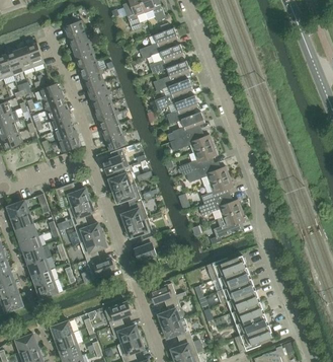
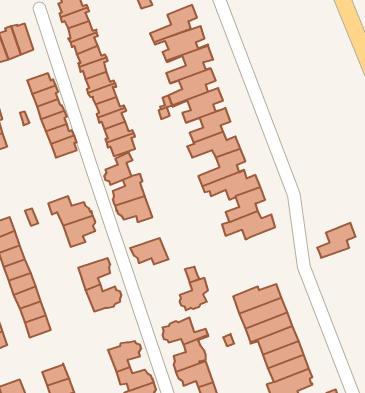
building: [121,201,147,226] -> none
building: [214,209,245,237] -> [317,223,356,258]
building: [68,221,104,245] -> none
building: [134,235,157,262] -> [180,278,208,310]

